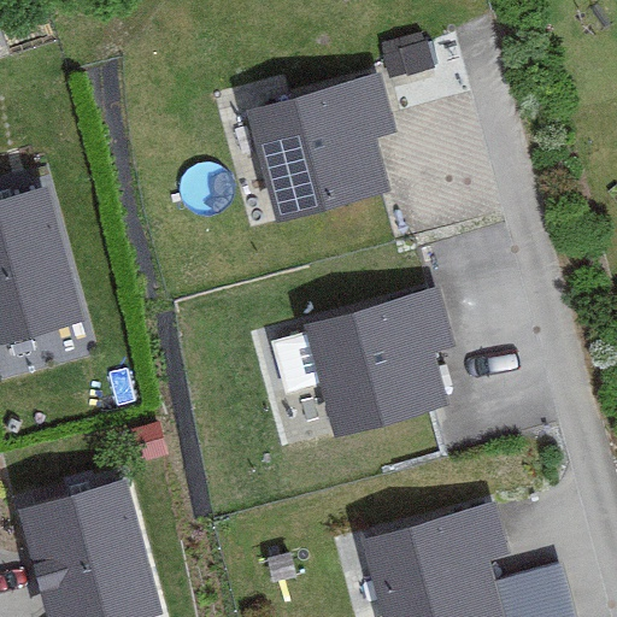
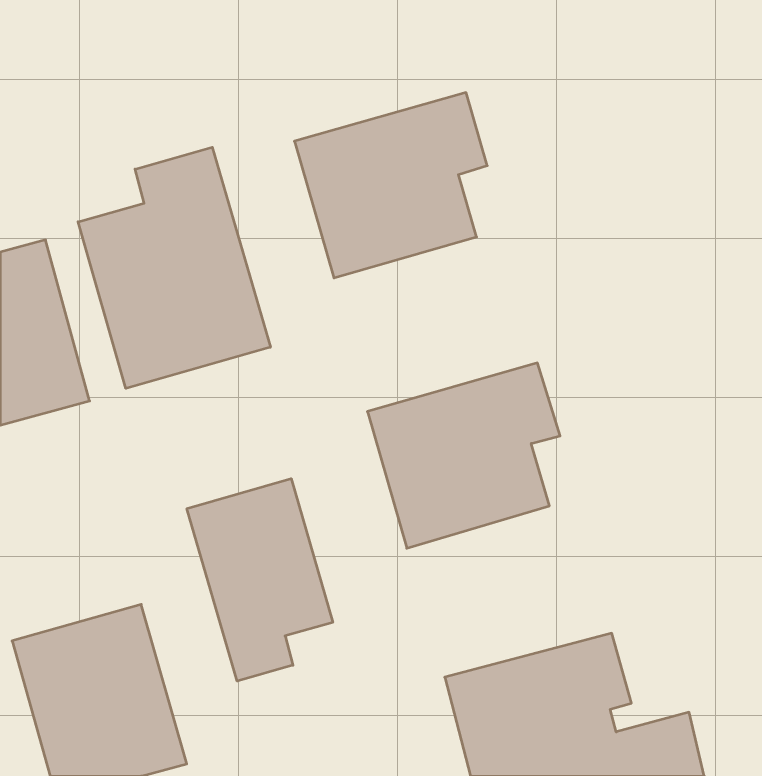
building: none -> [78,147,270,388]
building: none -> [187,479,333,681]

